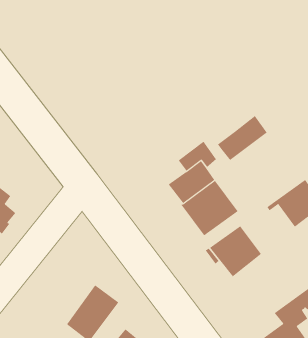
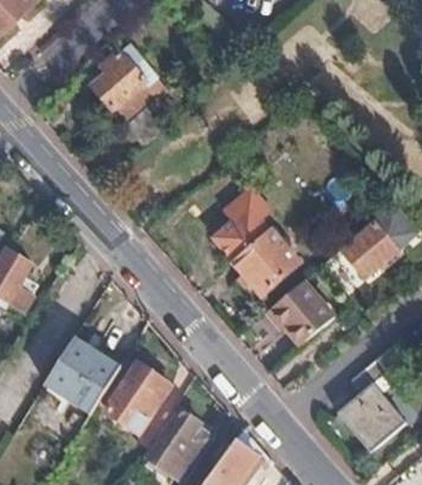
building: none -> [91,47,144,108]
building: [217,115,267,161] -> none
building: none -> [44,339,119,414]

